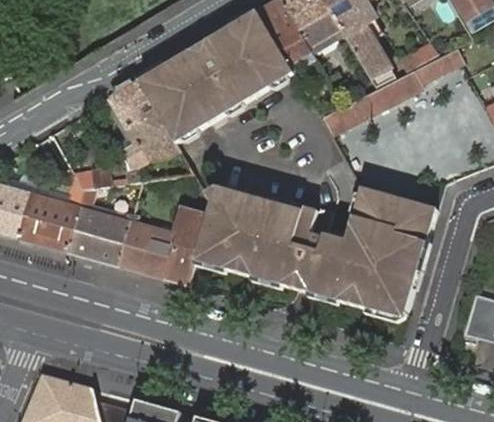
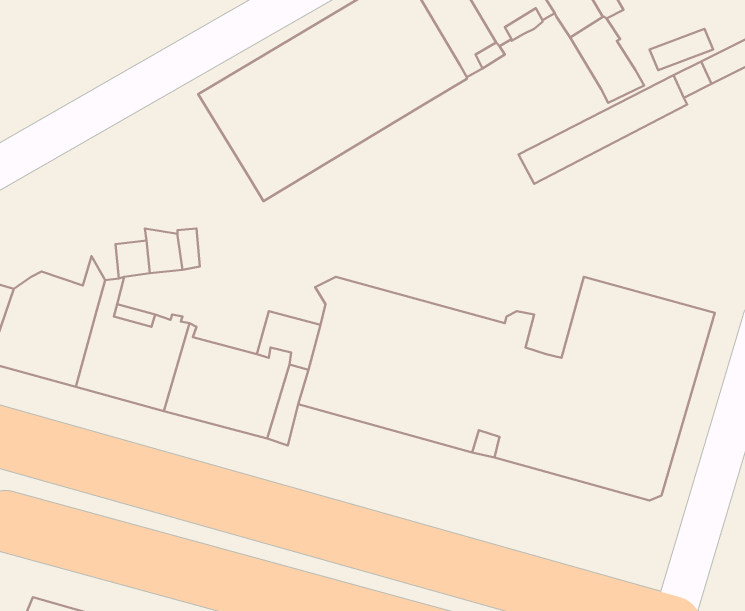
building: [109,81,180,155] -> none

